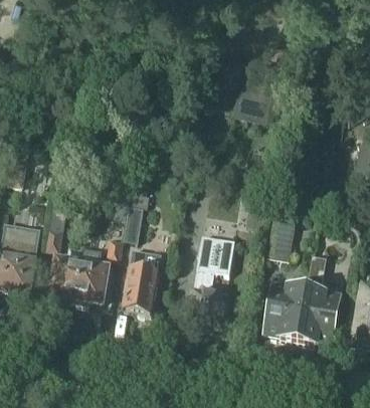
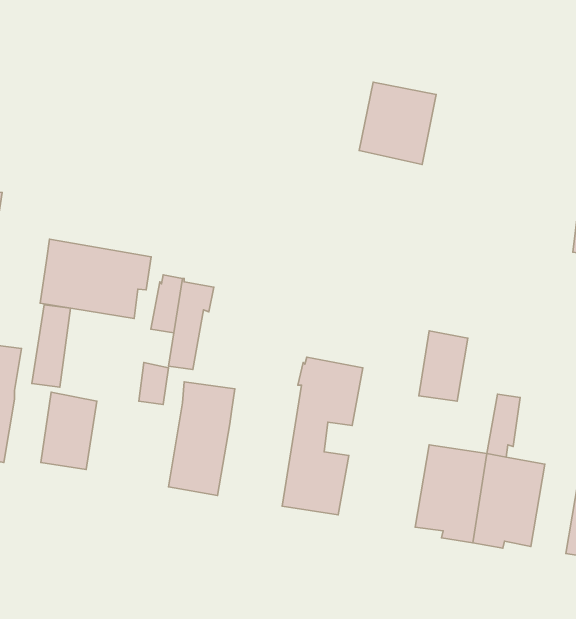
building: none -> [40,239,151,318]
building: [75,260,108,304] -> none

